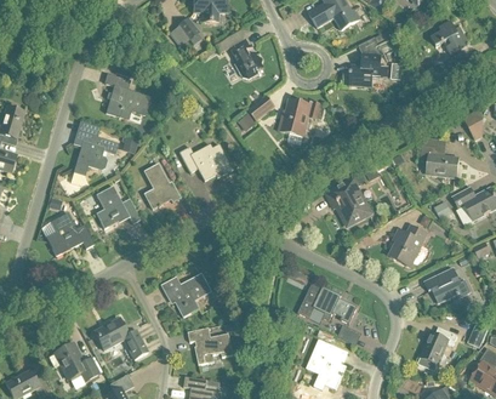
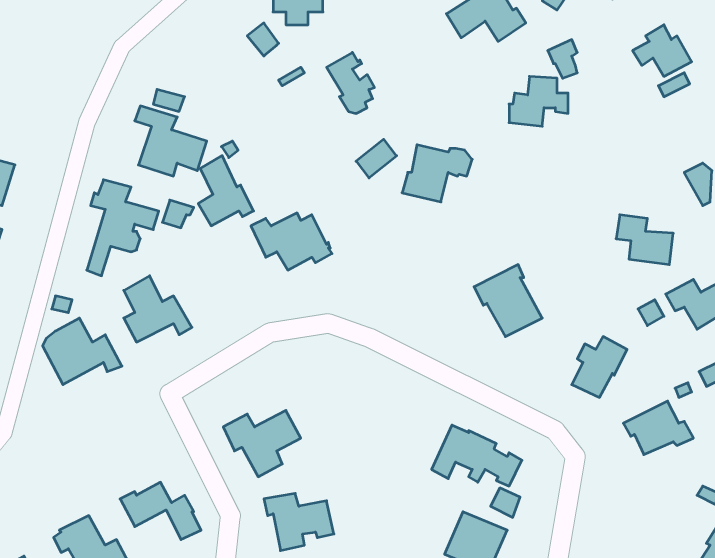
building: [143,163,179,209] -> [198,156,254,226]
building: [418,326,457,365] -> none

